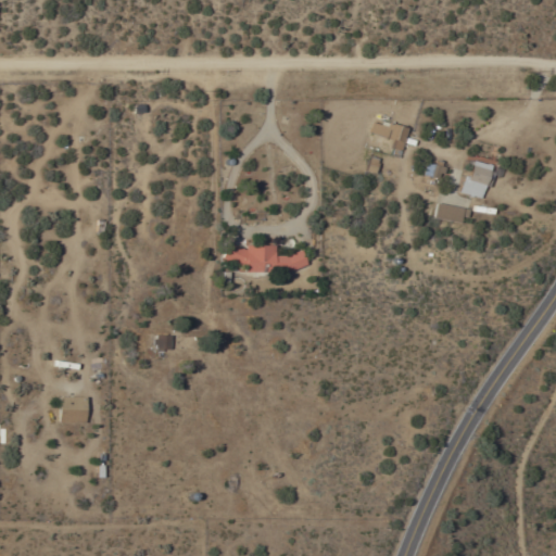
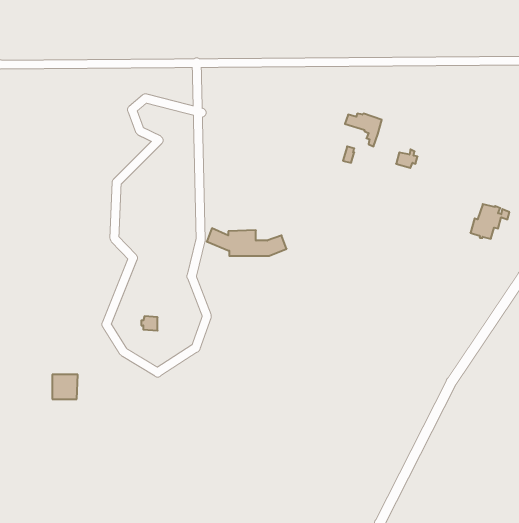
building: [462,162,503,199] -> [470,204,509,239]
building: [435,202,471,223] -> none

